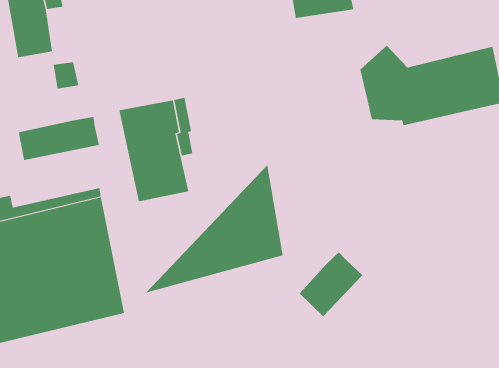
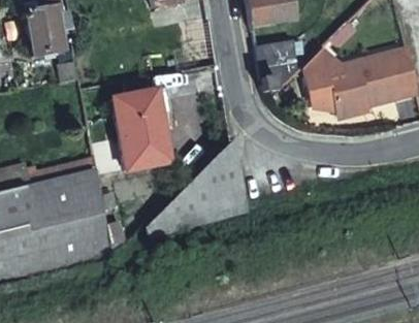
building: none -> [254,39,298,91]
building: [18,116,99,161] -> none
building: [299,252,363,317] -> none

